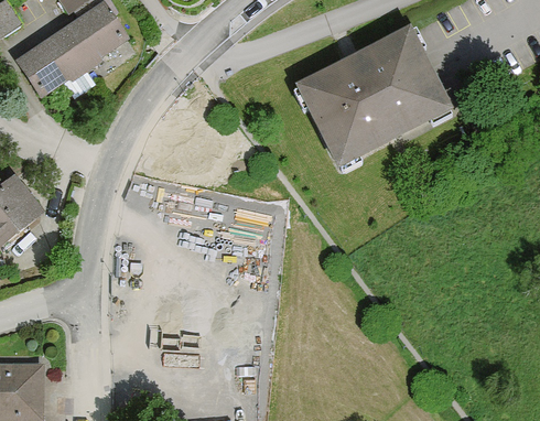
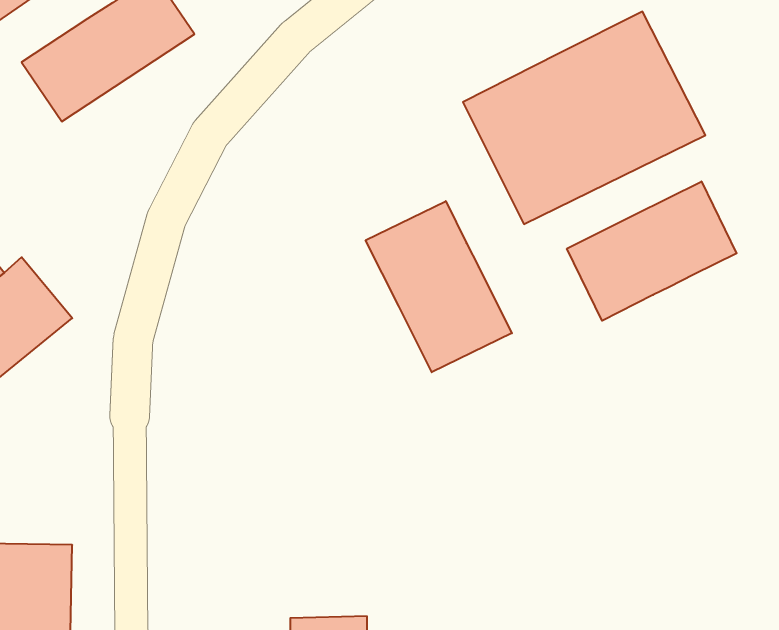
building: none -> [567,181,737,321]
building: none -> [366,201,512,372]

